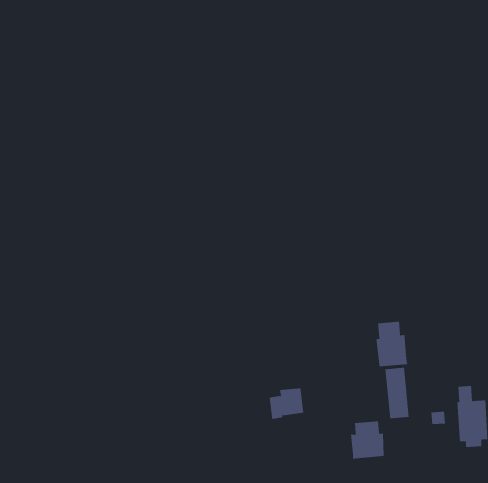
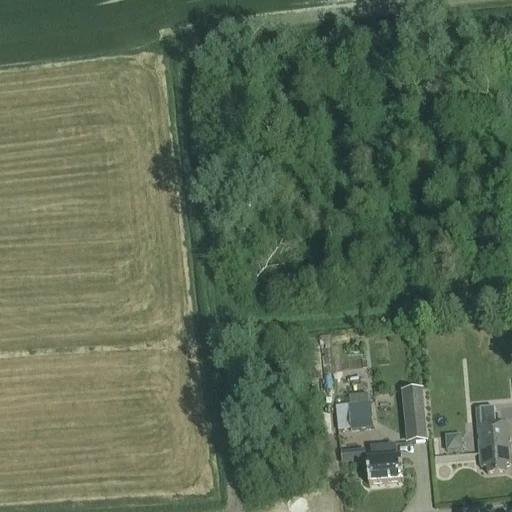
building: [376,321,408,367] -> none
building: [269,388,304,419] -> [334,399,371,432]

